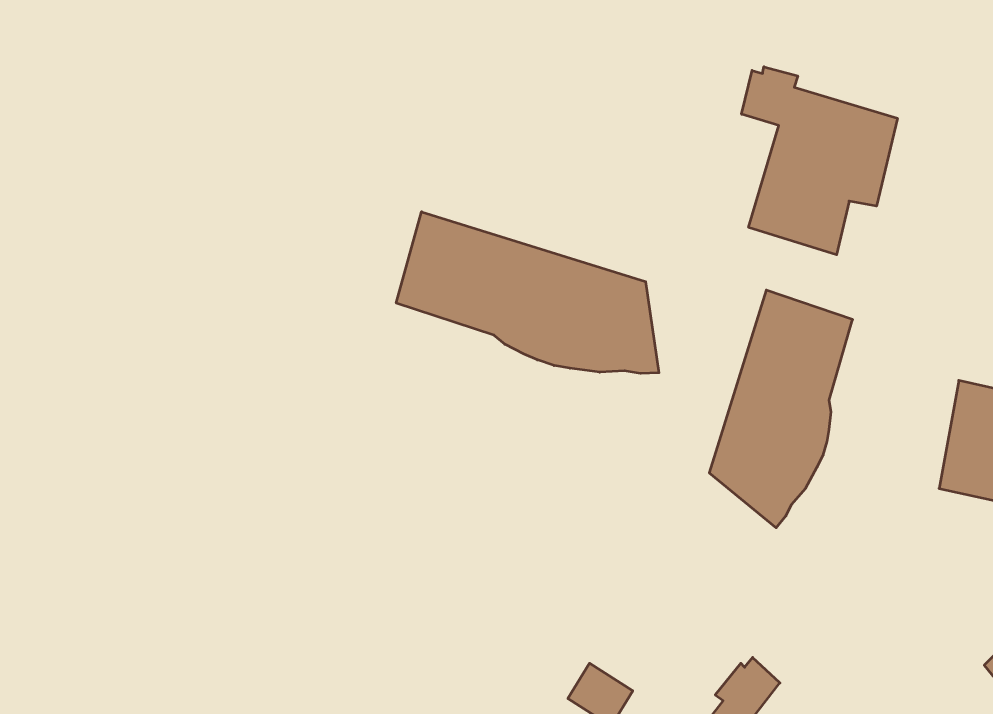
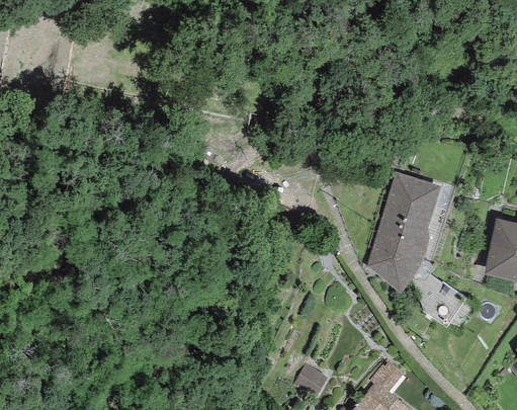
building: [742,67,897,255] -> none
building: [396,212,659,373] -> none

